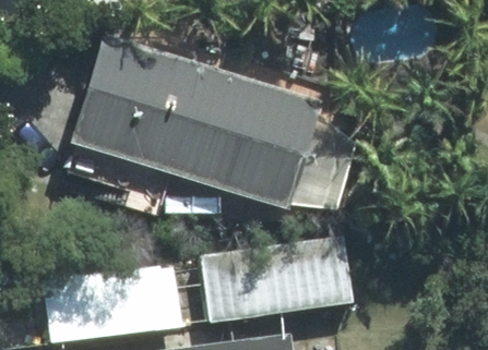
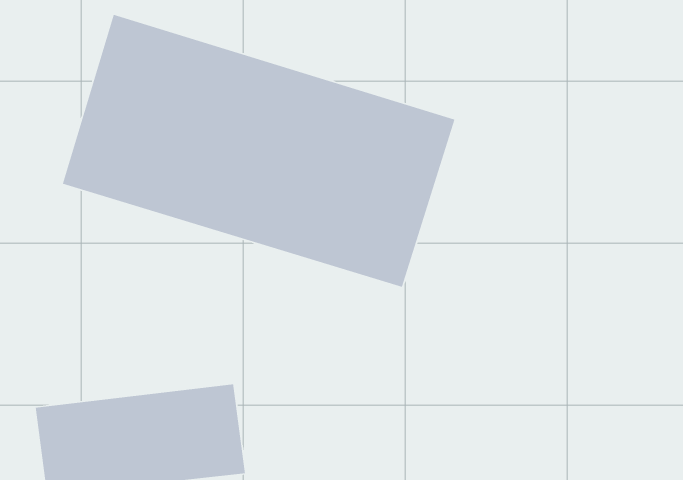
building: [204,237,357,319] -> none

